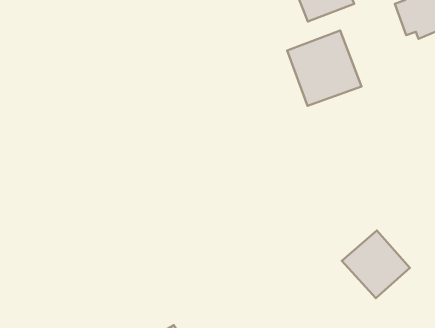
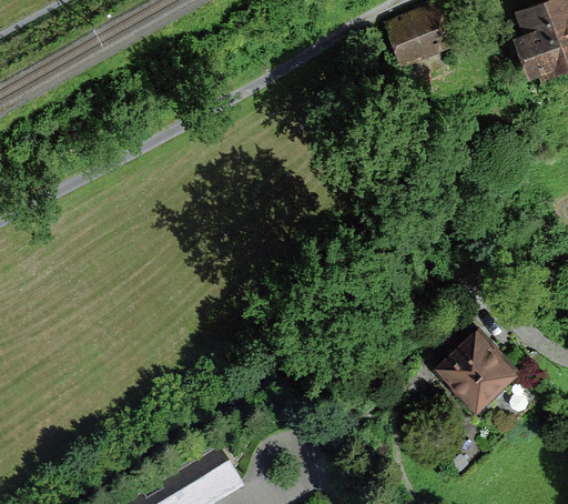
building: [287,30,362,106] -> none

